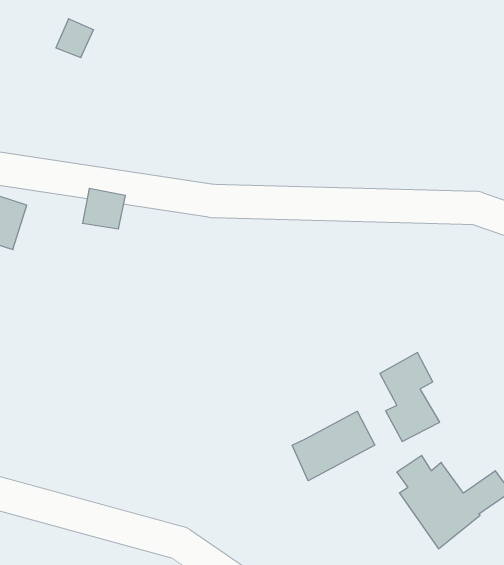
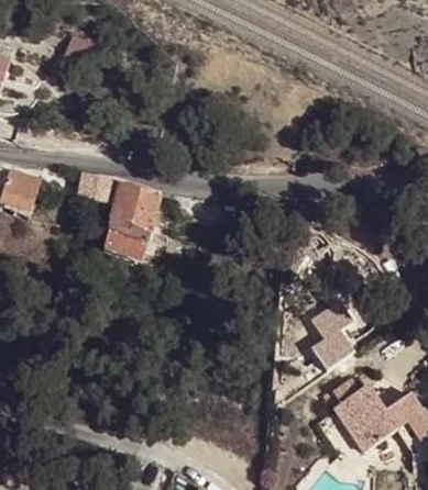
building: none -> [101,185,156,261]
building: [292,411,375,481] -> none

